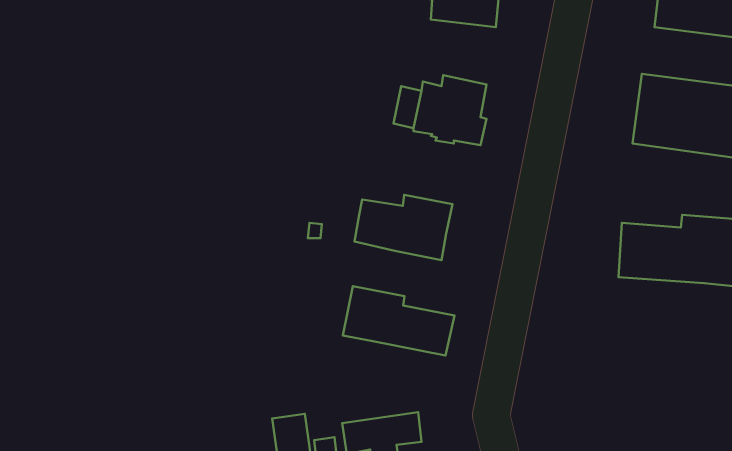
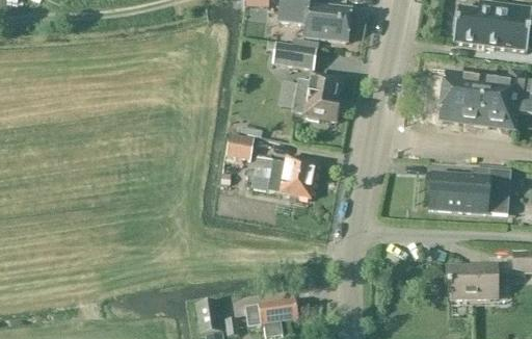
building: none -> [272,41,317,71]
building: none -> [228,133,256,160]
building: [343,286,454,356] -> none
building: none -> [447,264,500,299]

